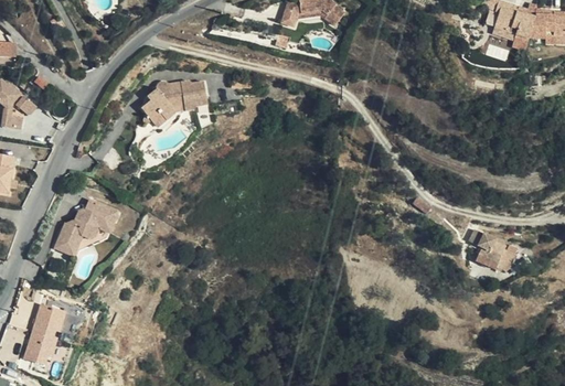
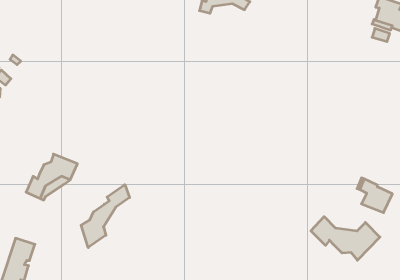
building: [143,81,206,119] -> none
building: none -> [81,185,130,248]
building: none -> [311,217,380,260]

